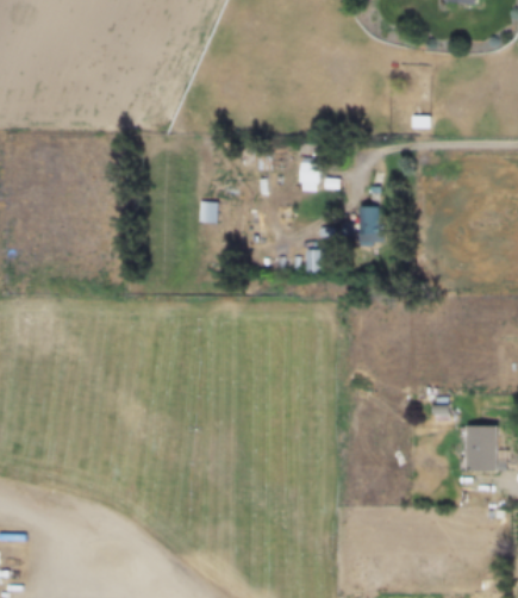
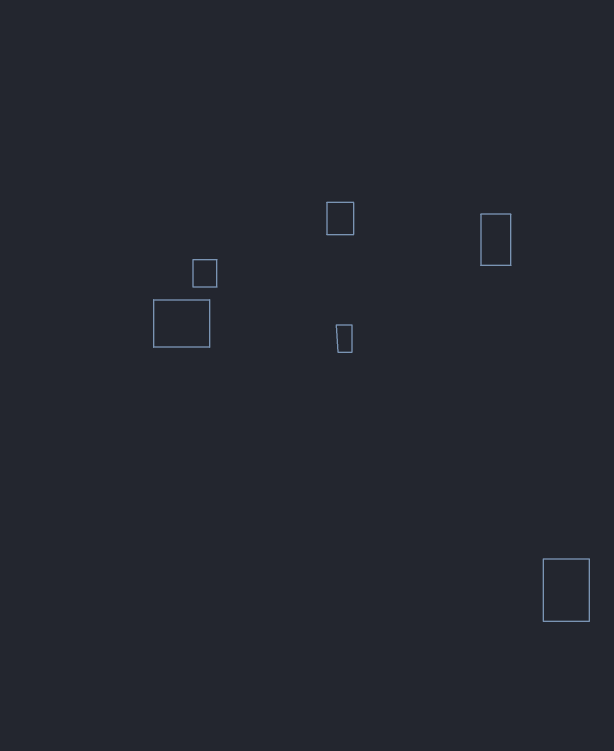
building: [360,206,382,244] -> [481,214,511,265]
building: none -> [154,300,210,347]

